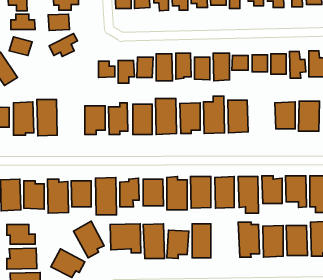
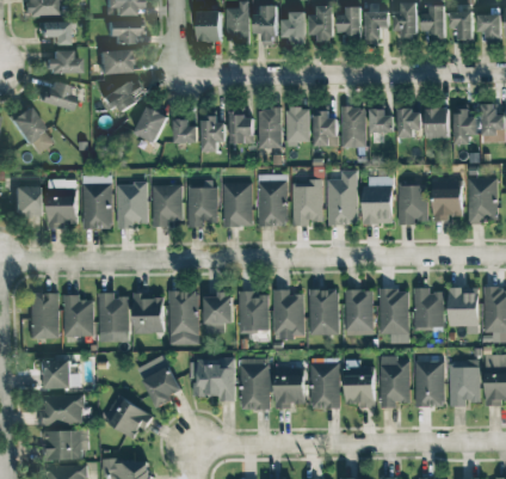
building: none -> [134,106,167,143]
building: none -> [117,183,147,226]
building: none -> [397,185,427,225]
building: none -> [345,364,374,409]

